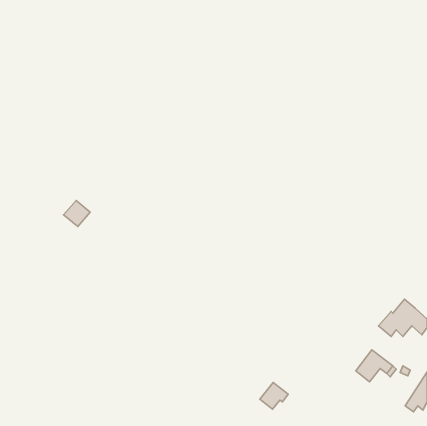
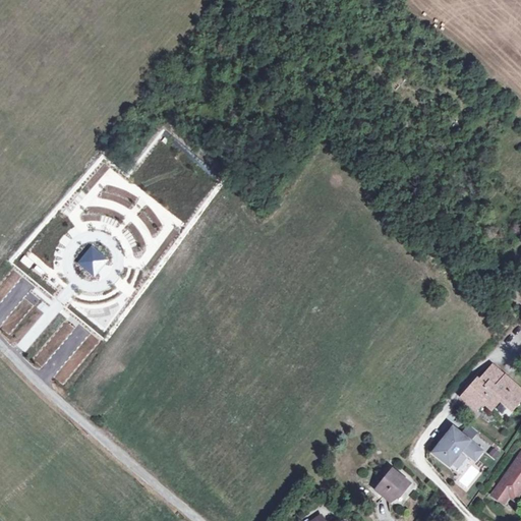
building: [260,383,288,409] -> [375,468,410,501]

